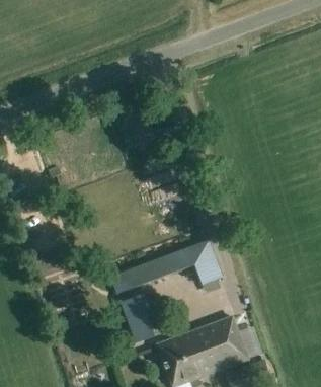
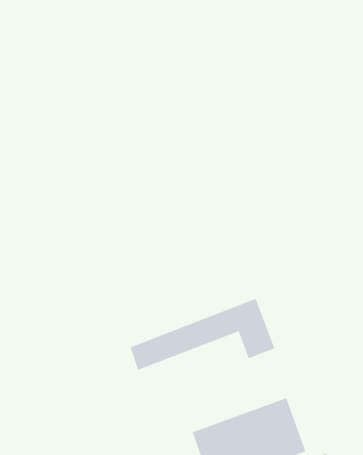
building: [121,294,158,343] -> none

